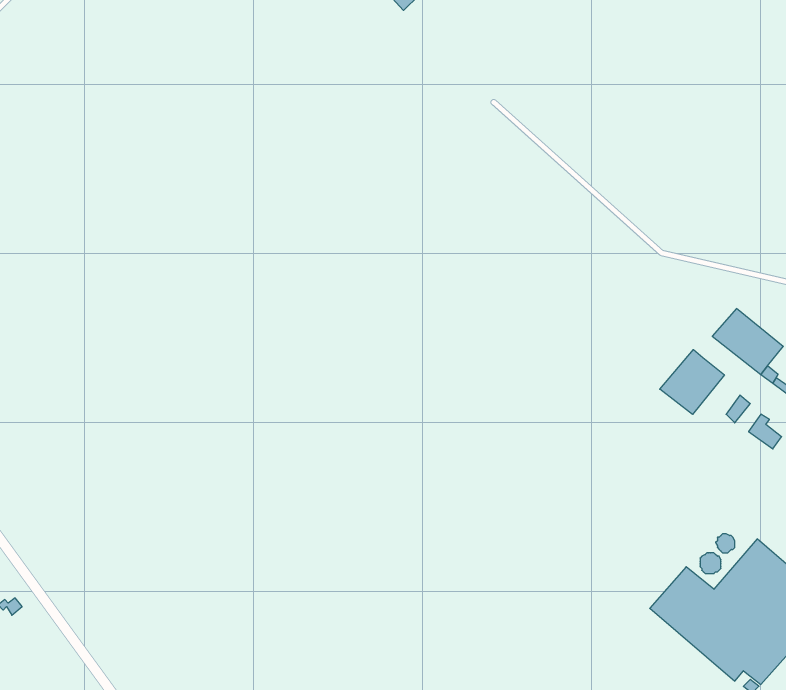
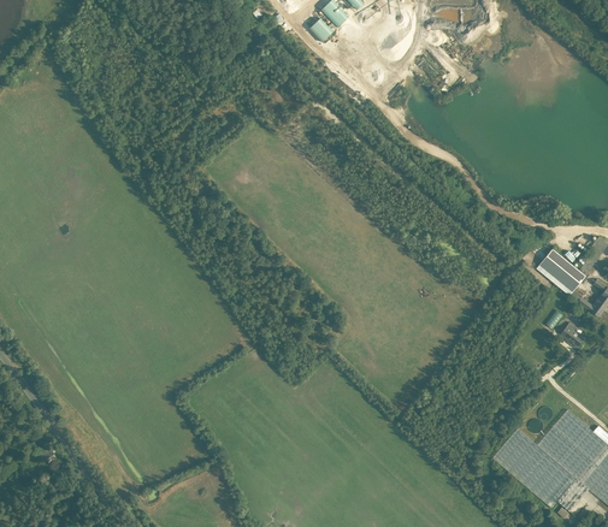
building: [660,350,724,414] -> none

